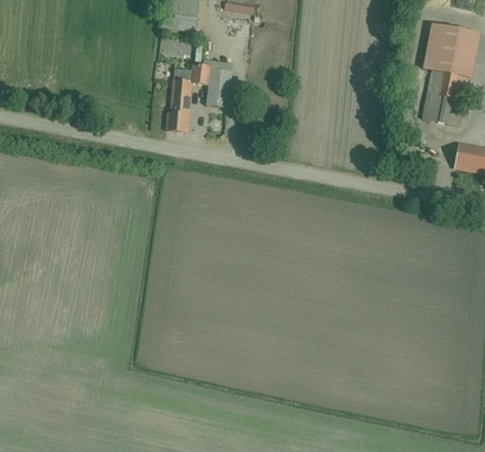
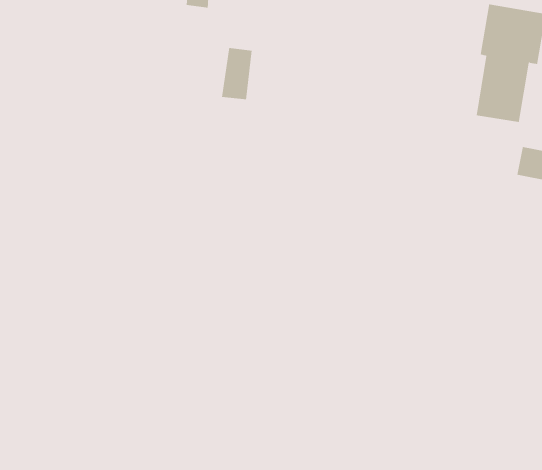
building: [161,59,210,130] -> none

